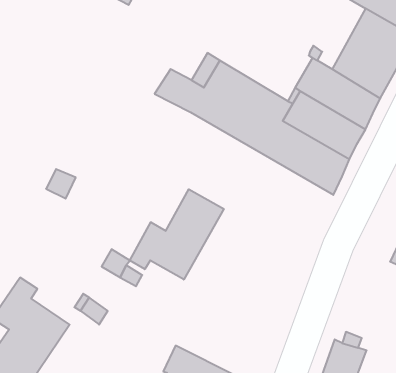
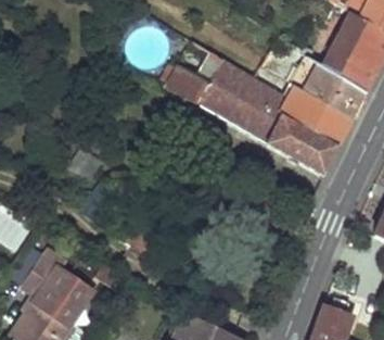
building: [130,189,224,280] -> none

